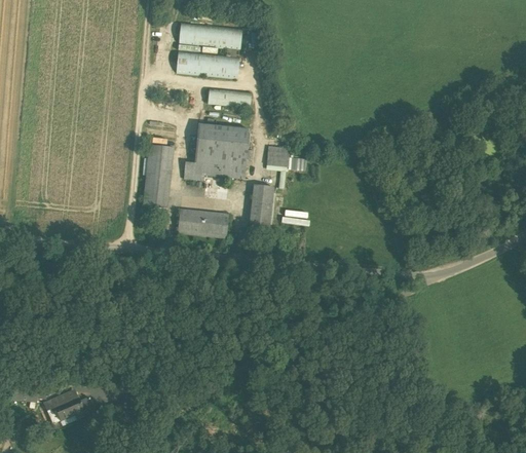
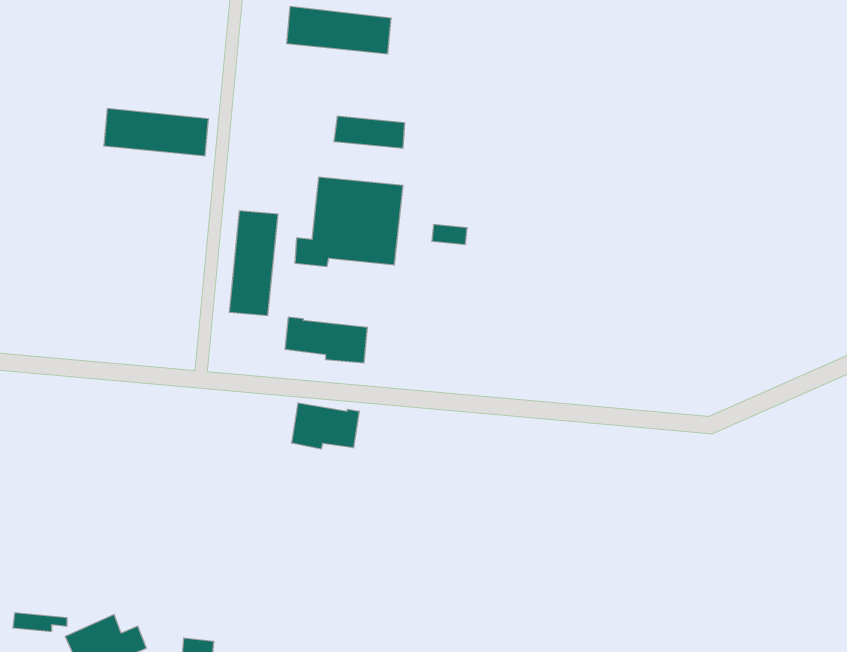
building: [175,49,238,78] -> [104,109,209,156]
building: [249,185,272,229] -> none
building: none -> [292,403,359,449]

